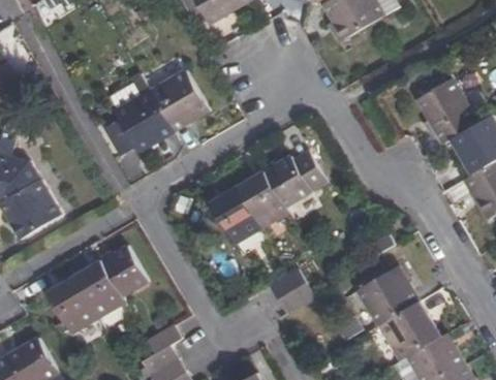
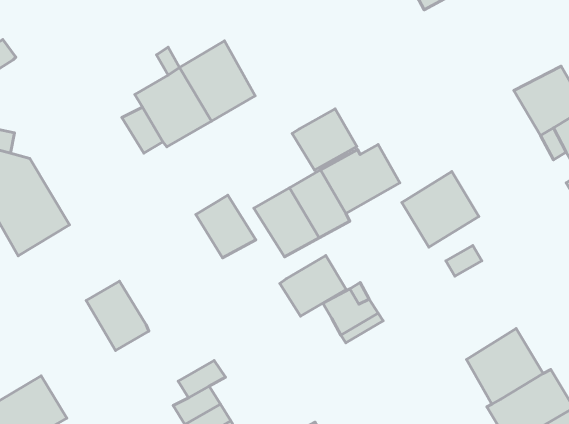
building: none -> [292,109,357,170]
building: none -> [280,255,346,316]
building: [99,246,148,296] -> [196,195,256,258]
building: [358,263,420,324] -> [402,172,479,247]
building: [45,277,96,331] -> none

